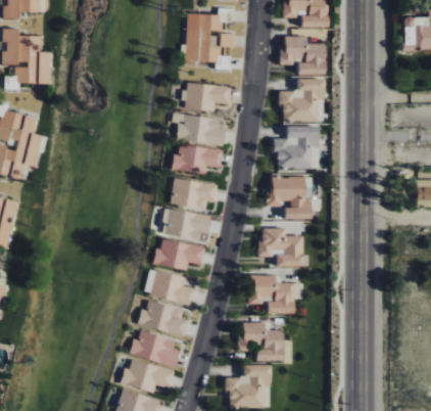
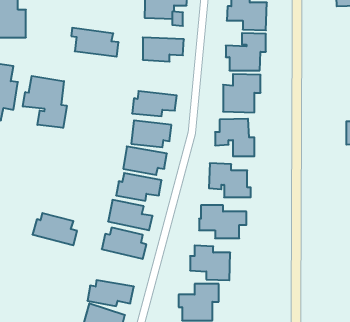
building: [172,112,226,145] -> [71,28,119,57]
building: none -> [23,76,67,128]
building: [129,330,180,367] -> [32,213,77,245]

